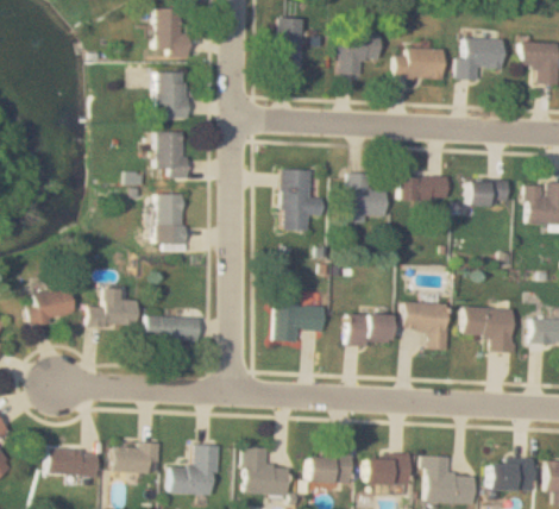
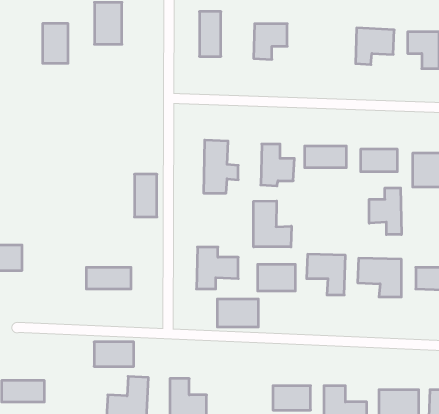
building: [395,49,445,80] -> none
building: [156,73,186,119] -> [43,24,68,63]
building: [157,133,186,177] -> none
building: [158,194,184,244] -> [134,174,157,217]
building: none -> [369,188,401,235]
building: none -> [254,201,291,247]
building: [87,289,137,326] -> none
building: none -> [217,299,258,327]
building: [113,445,159,473] -> [94,342,134,366]
building: [307,451,351,483] -> none

